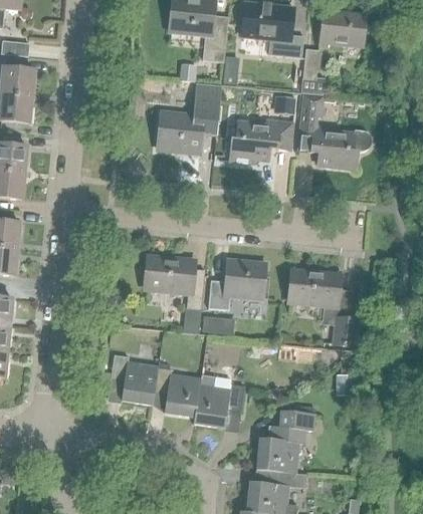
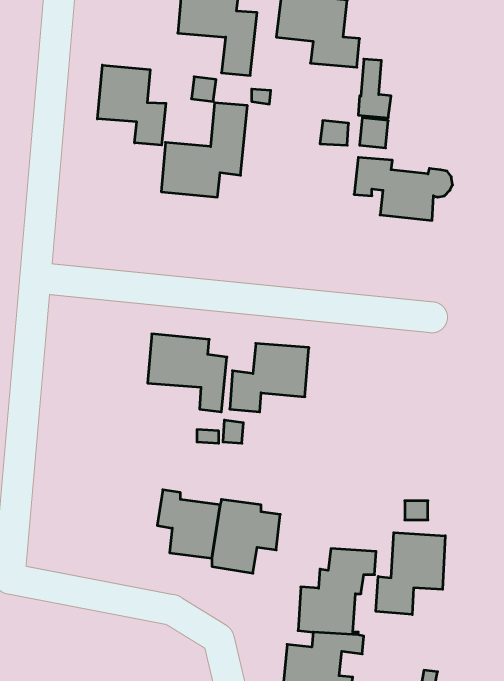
building: [320,12,364,46] -> none
building: none -> [97,65,166,145]
building: [228,120,292,165] -> none
building: [290,267,359,346] -> none
building: [111,355,159,406] -> none
building: none -> [376,533,445,615]

